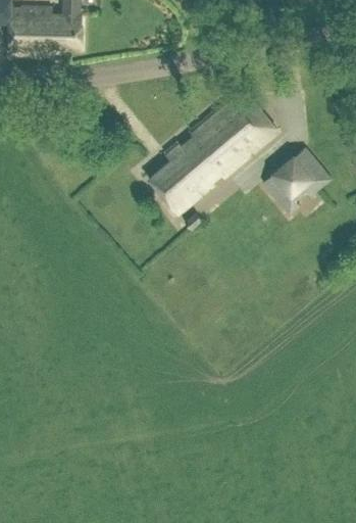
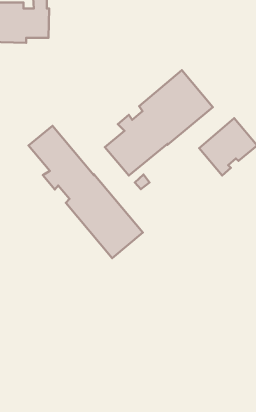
building: none -> [29,126,143,258]

